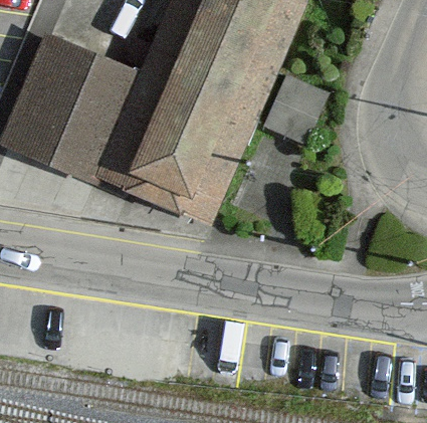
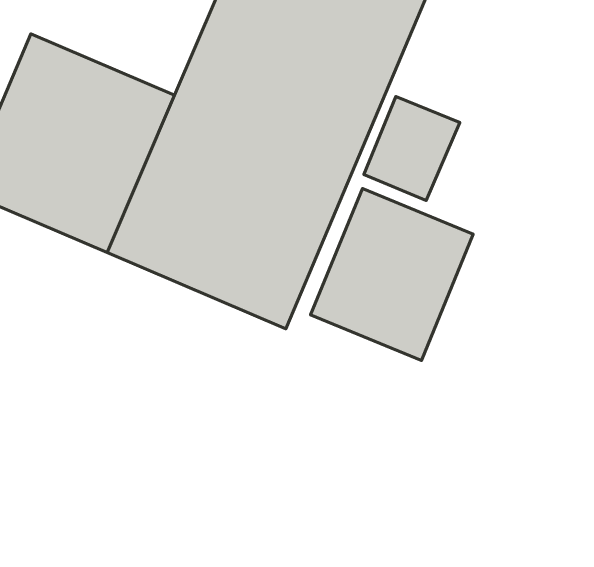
building: none -> [311,188,473,361]

